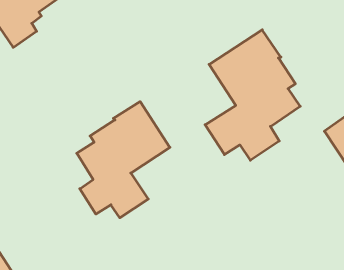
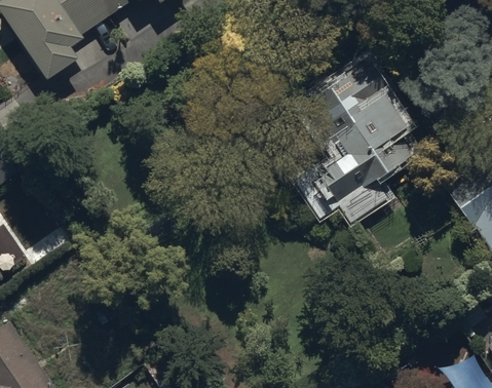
building: [77,102,170,218] -> none

